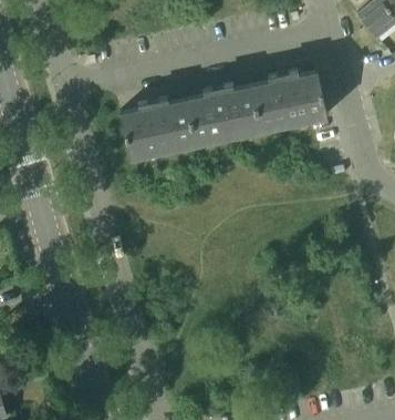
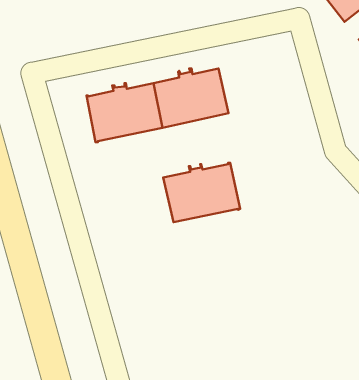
building: [251,72,328,131] -> [163,163,240,222]

